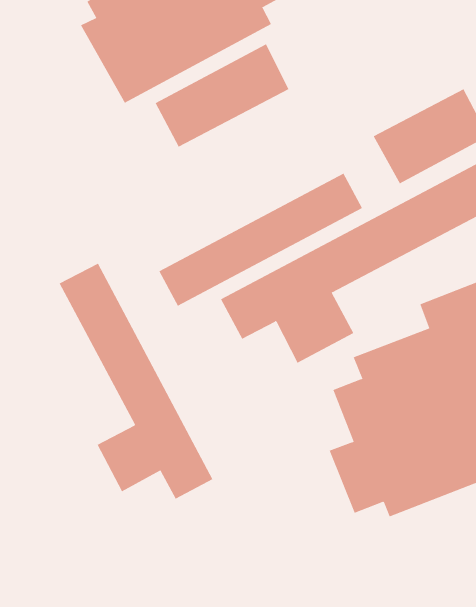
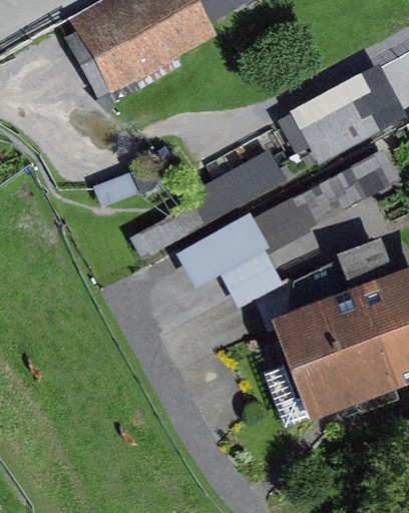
building: [155,44,289,148] -> none
building: [59,263,213,499] -> none

